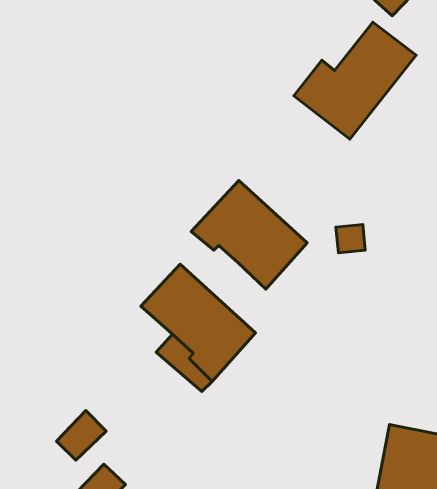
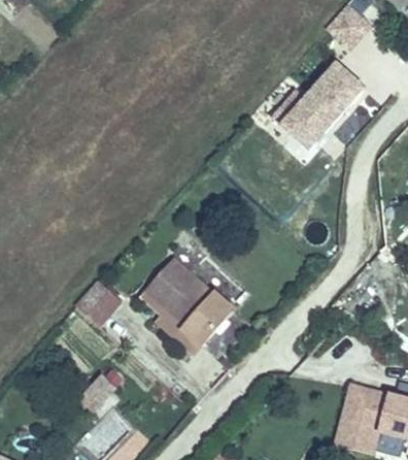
building: [191,181,307,289] -> none
building: none -> [79,281,121,323]

